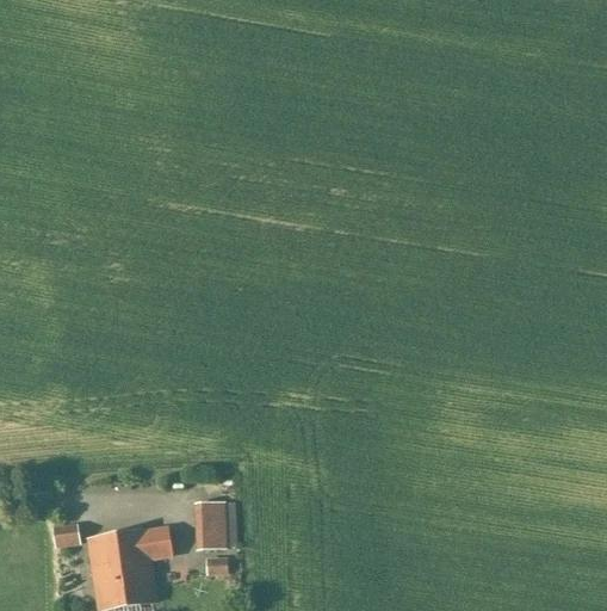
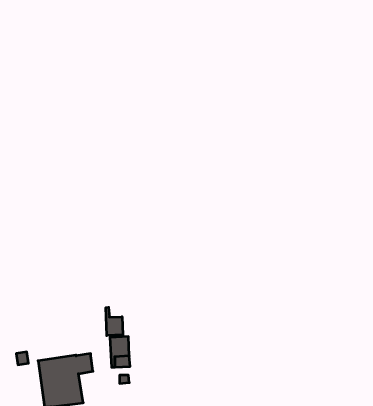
building: none -> [106,307,123,336]

